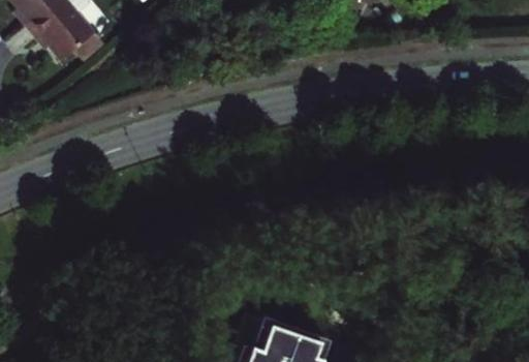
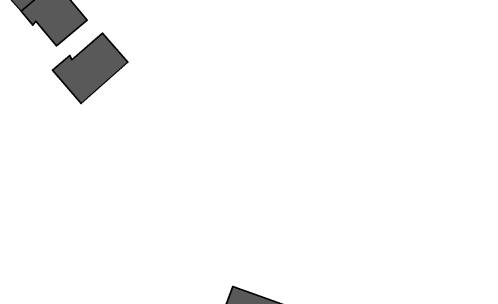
building: none -> [53,33,128,103]

